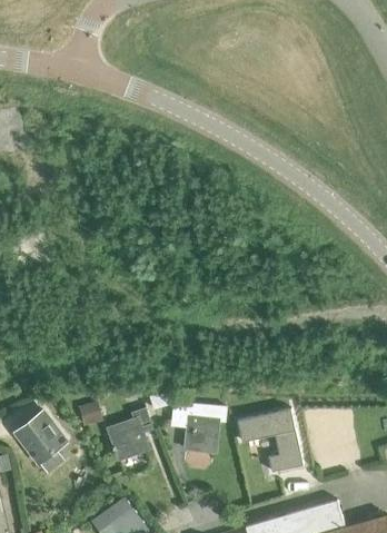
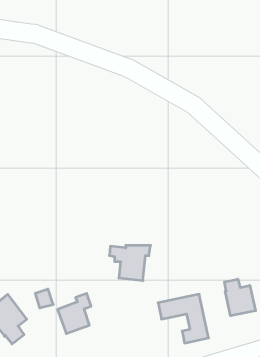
building: none -> [224,279,256,316]
building: [172,407,226,453] -> [109,245,151,281]

